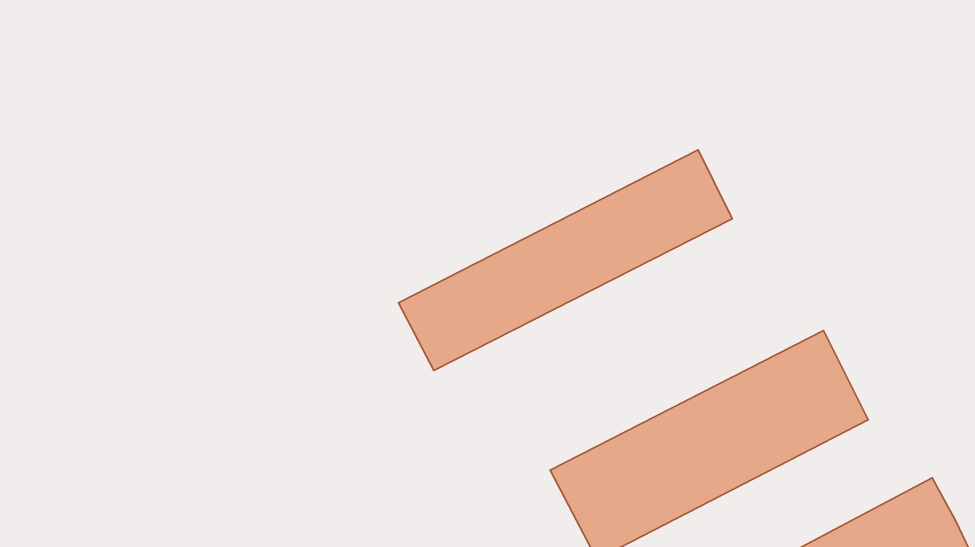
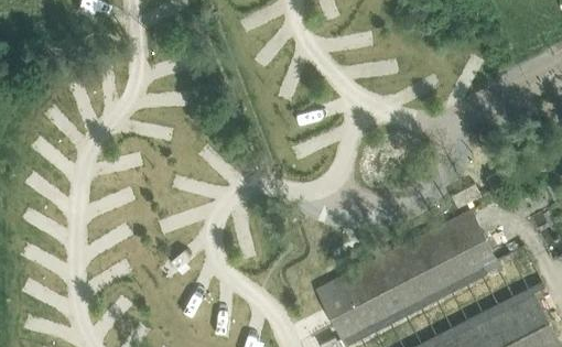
building: [398,150,732,370] -> none

